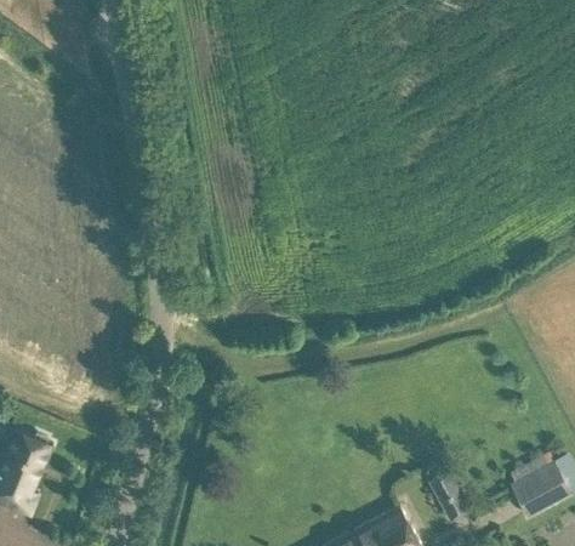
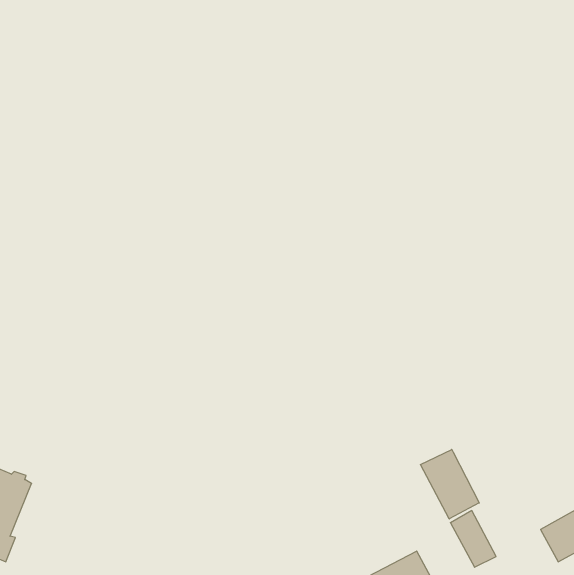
building: none -> [420,449,479,519]

